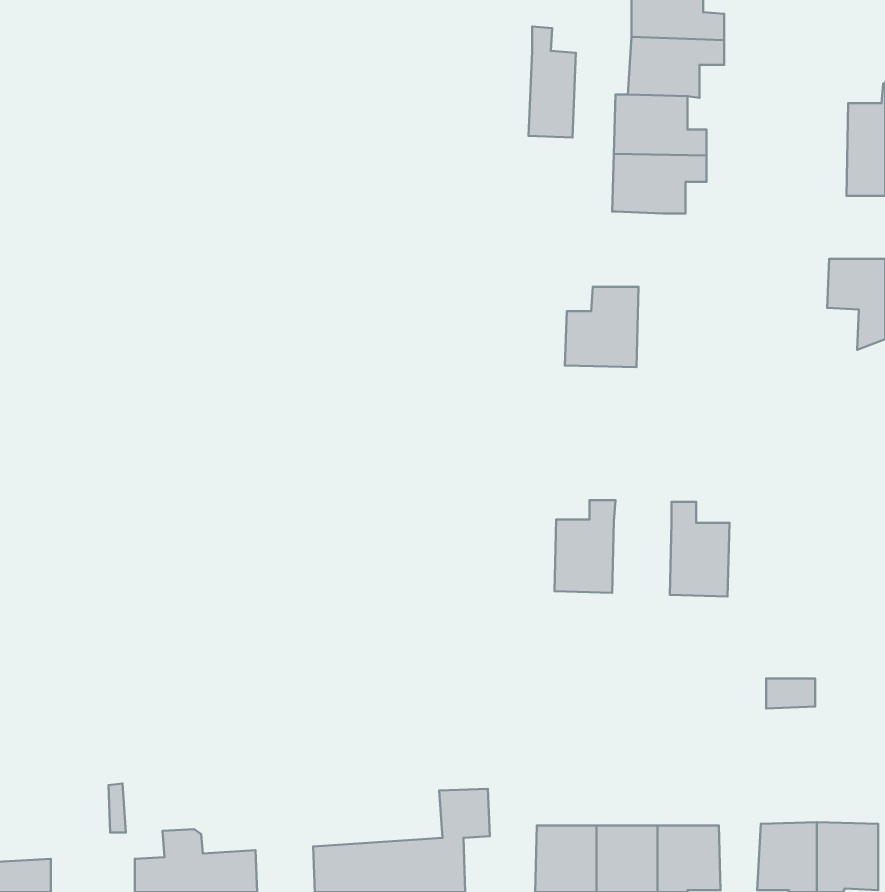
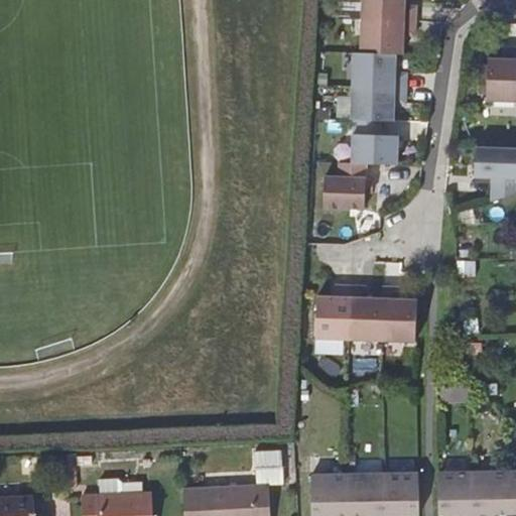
building: [529,27,576,137] -> none
building: none -> [354,122,399,166]
building: none -> [353,288,387,343]

